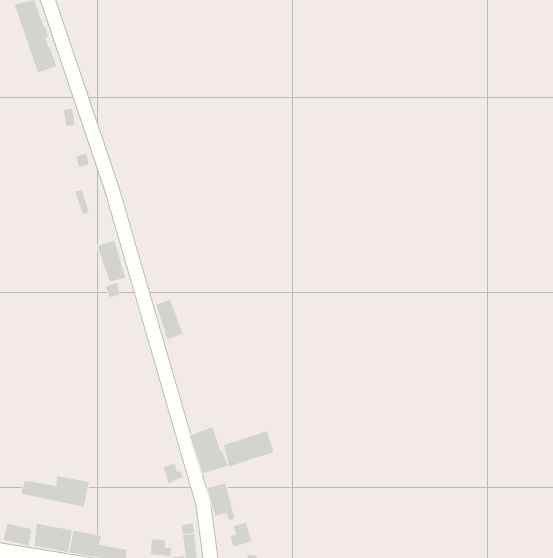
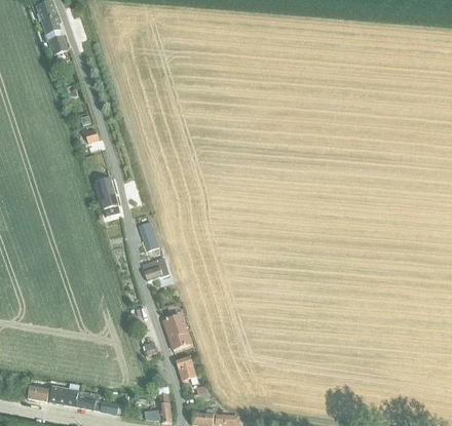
building: none -> [142,257,168,280]
building: [224,430,274,467] -> none
building: [21,475,89,508] -> none

